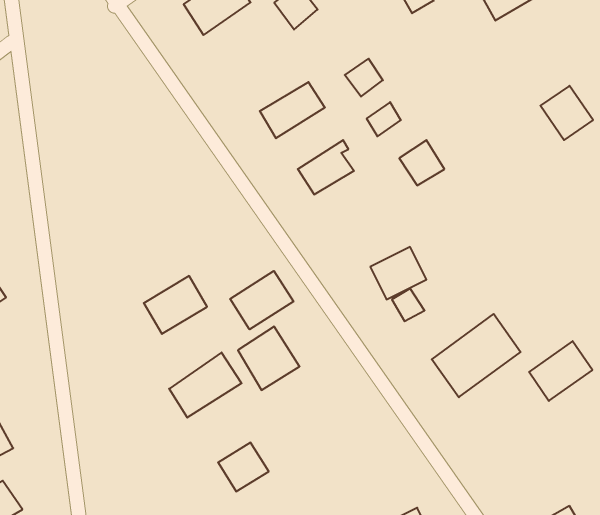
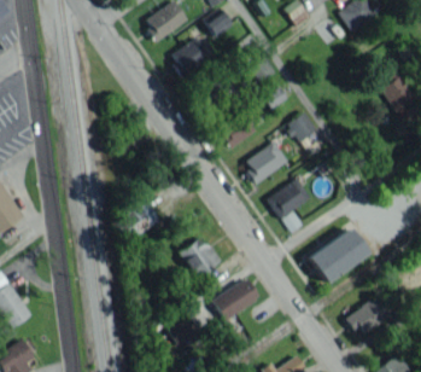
building: none -> [169,42,209,75]
building: none -> [244,143,288,184]
building: [230,271,293,329] -> none
building: [529,341,592,401] -> [347,297,390,337]
building: [169,352,242,418] -> [212,278,261,321]

